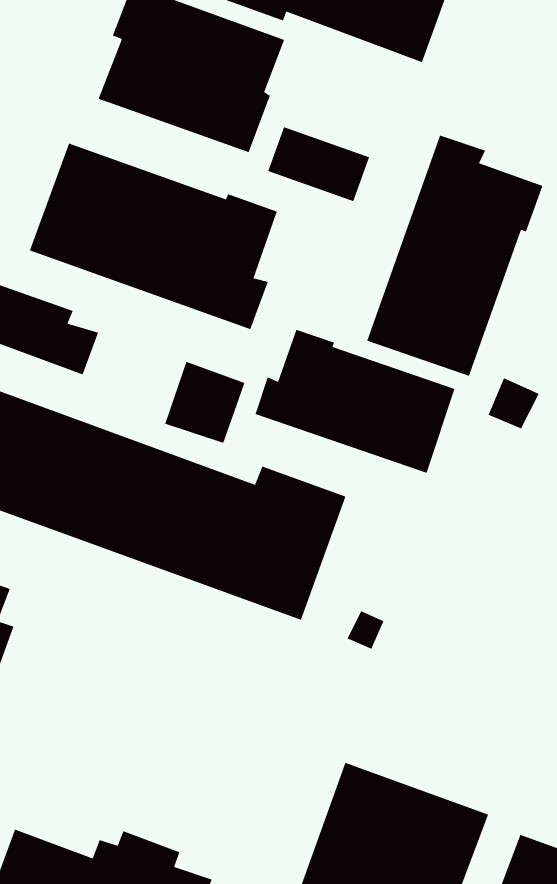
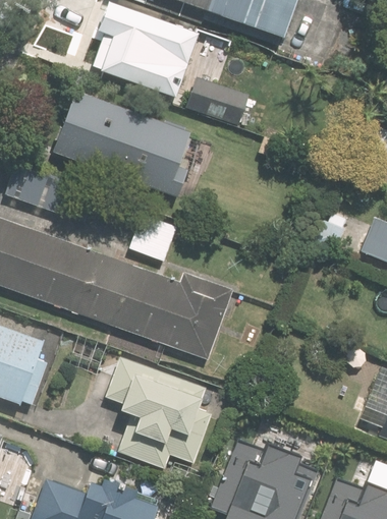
building: [366,134,543,377] -> none
building: [254,329,456,474] -> none
building: none -> [107,355,212,468]

